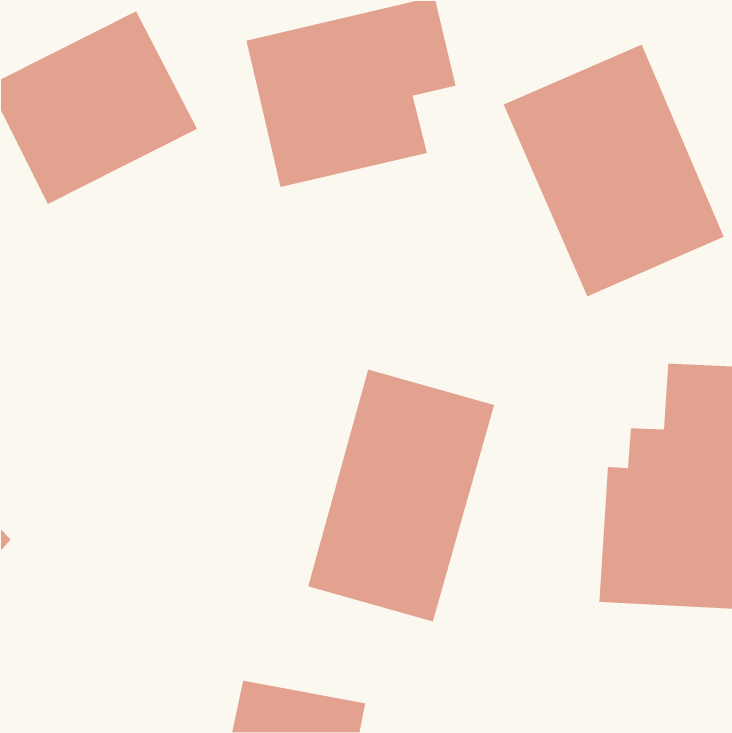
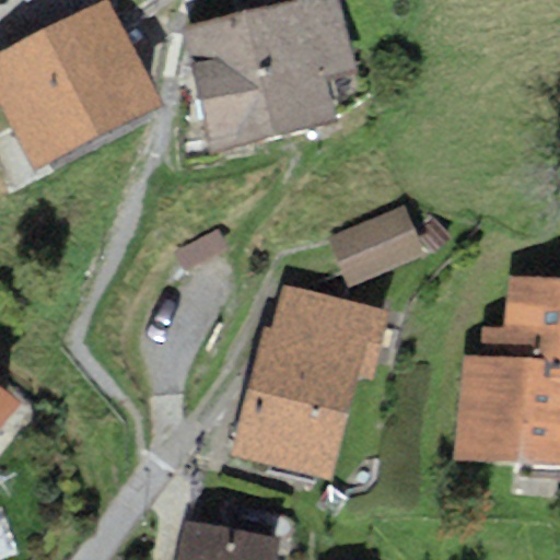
building: [502,44,725,297] -> none
building: none -> [327,209,419,283]

